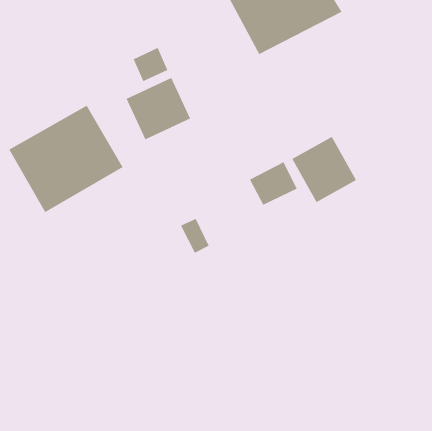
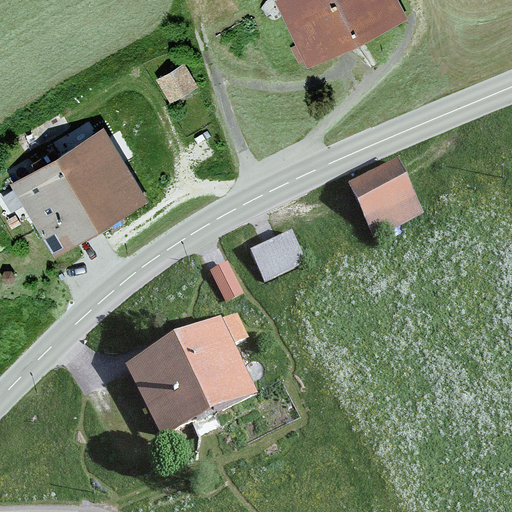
building: [126,77,191,140] -> none
building: [249,162,297,206] -> [246,233,303,285]
building: none -> [127,319,258,440]

